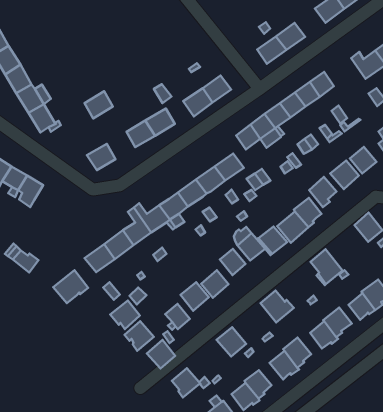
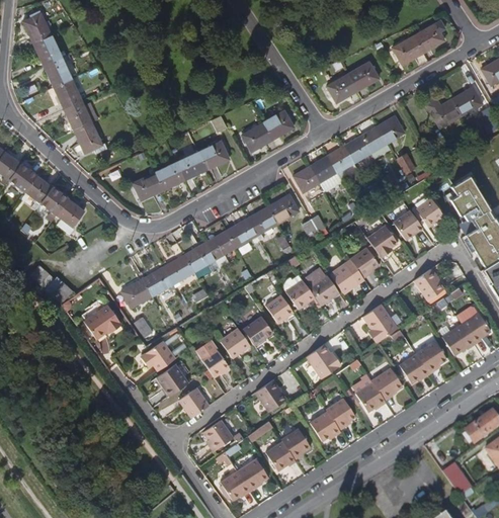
building: [84,91,113,119] -> [156,160,186,188]

